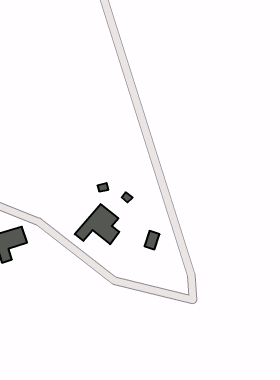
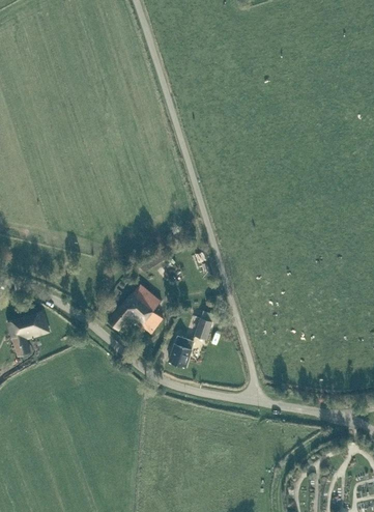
building: none -> [168,337,193,367]

